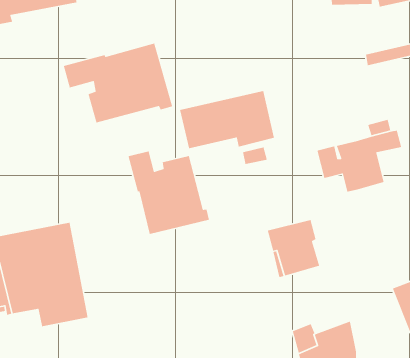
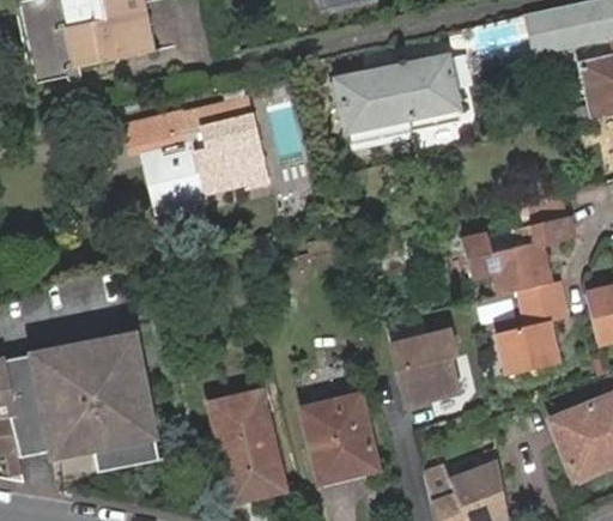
building: [179,90,275,149] -> [340,55,465,132]
building: [128,150,210,235] -> none
building: none -> [494,279,566,378]
building: none -> [211,393,285,503]
building: none -> [301,396,380,484]

